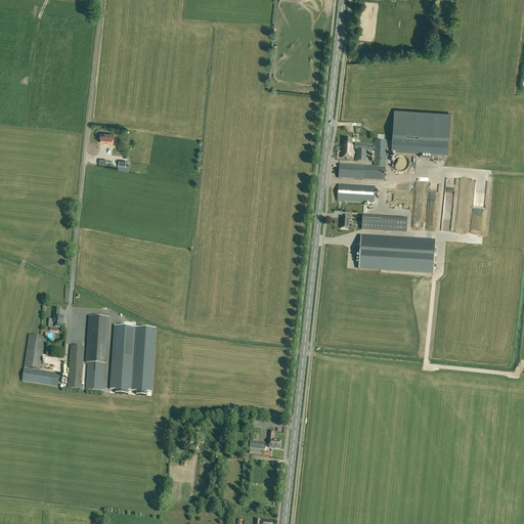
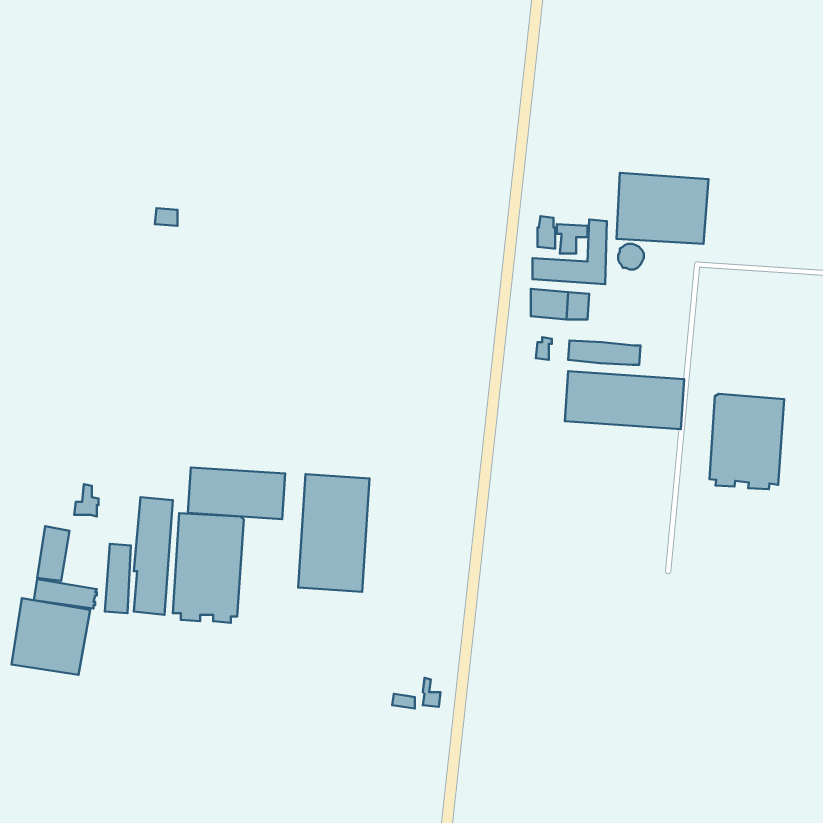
building: none -> [709,394,784,489]
building: none -> [188,468,285,519]
building: none -> [298,474,370,592]
building: none -> [12,598,90,675]

